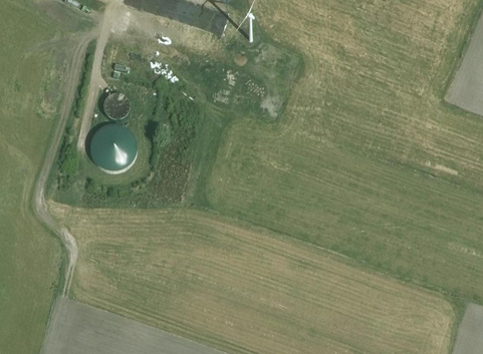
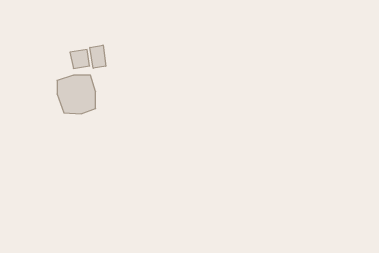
building: none -> [90,45,106,68]

